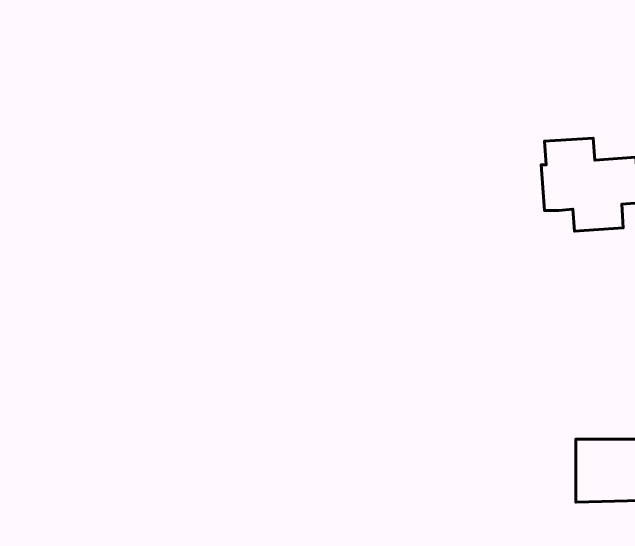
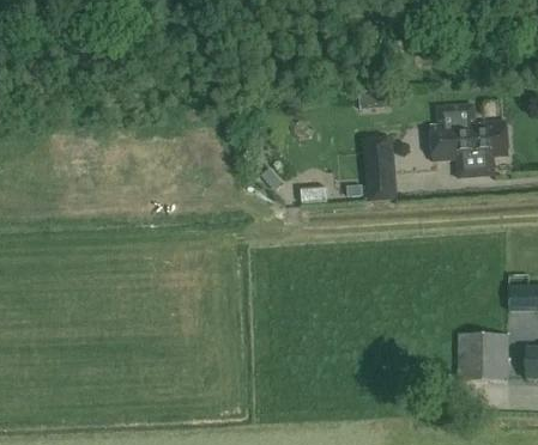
building: none -> [351,135,397,203]

